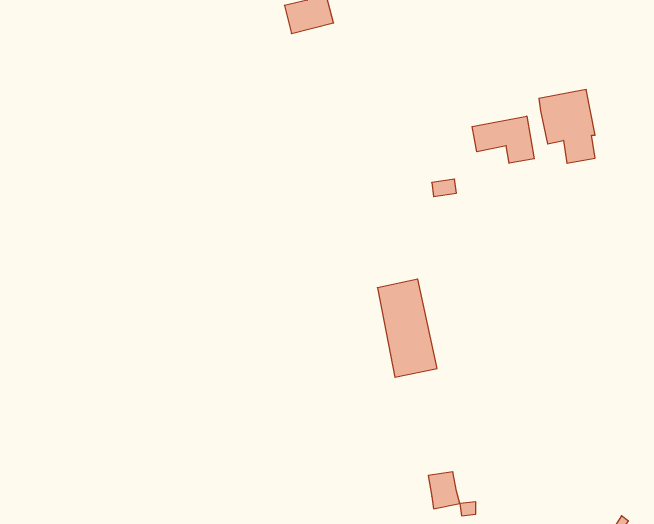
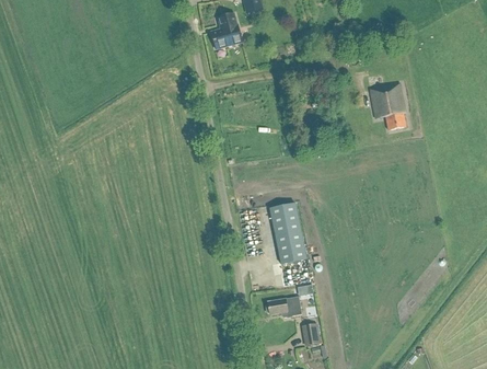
building: [472,116,534,163] -> none
building: none -> [264,295,300,316]

